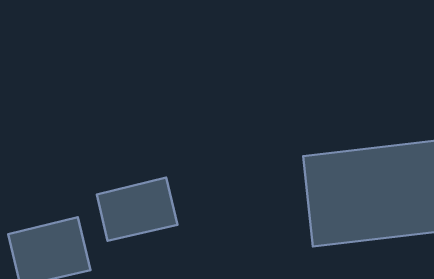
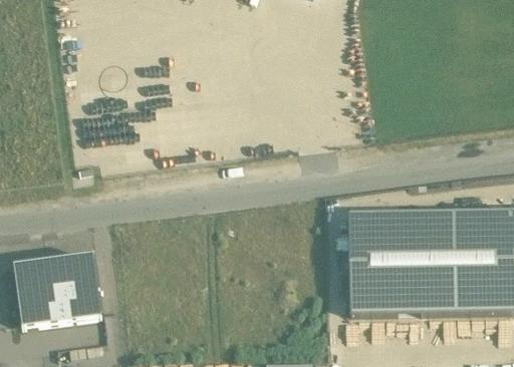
building: [97,178,177,241] -> none

